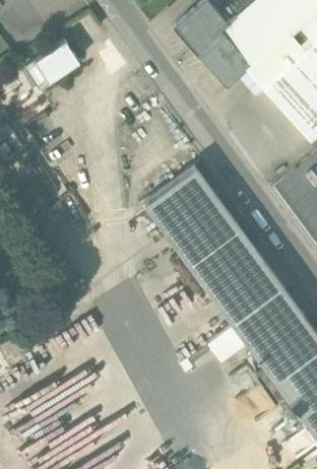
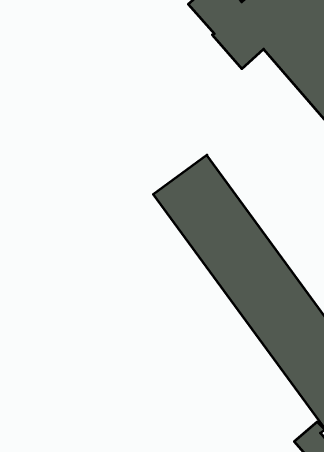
building: [23,40,77,87] -> none

